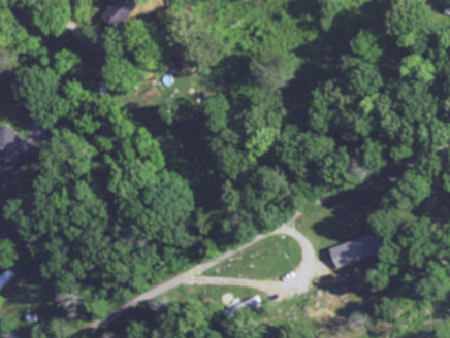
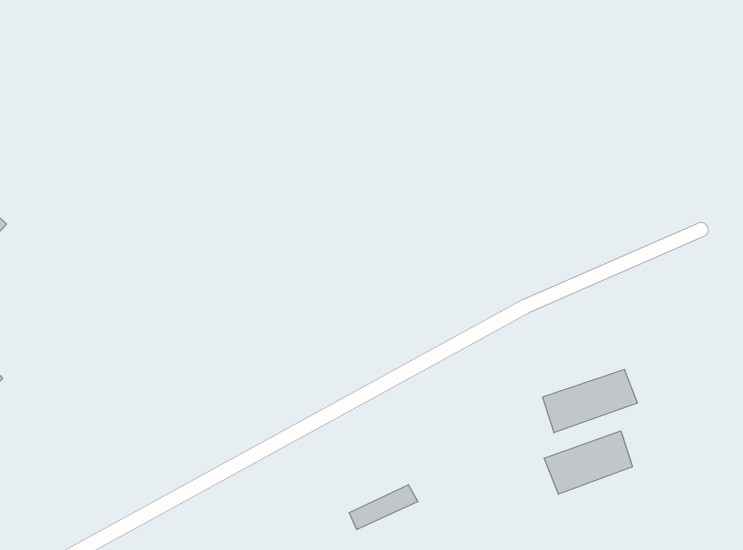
building: none -> [544,431,632,494]

